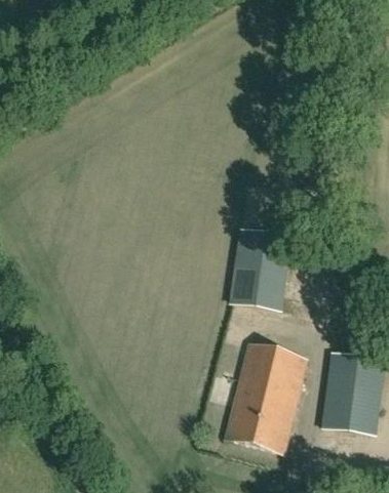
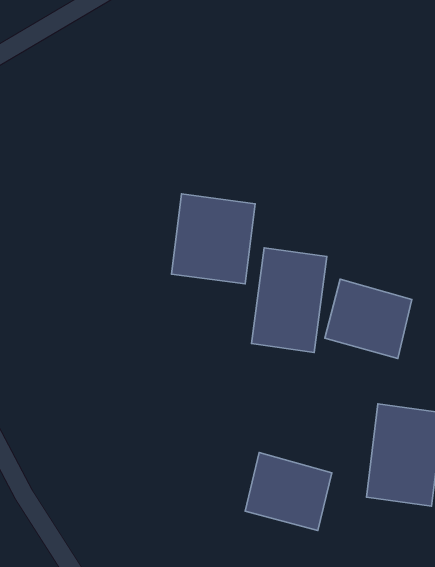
building: none -> [171,194,255,284]
building: [236,343,306,407] -> [325,279,412,358]

